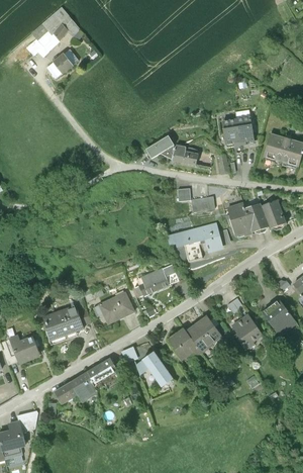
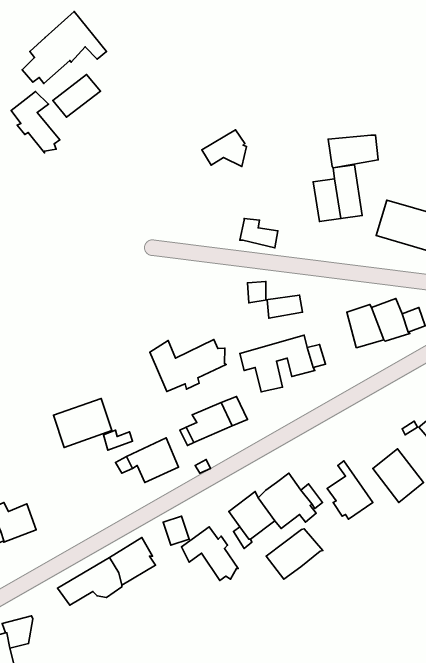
building: none -> [11,92,60,153]
building: none -> [328,135,378,168]
building: [147,136,177,161] -> [202,130,246,167]
building: [227,203,252,235] -> none
building: none -> [150,340,226,392]
building: [44,305,83,338] -> [54,398,112,447]
building: none -> [266,529,323,579]

